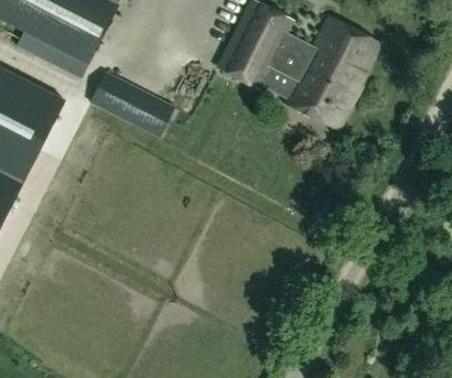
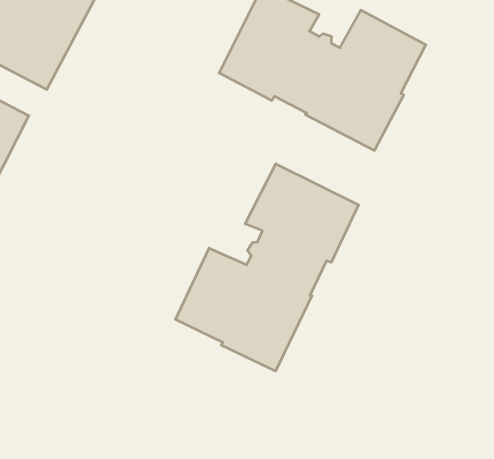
building: [88,72,174,137] -> none
building: none -> [175,164,359,371]

